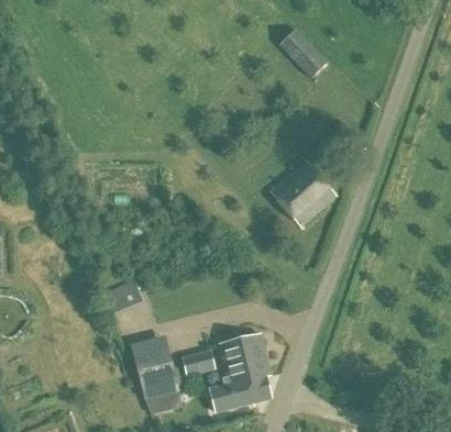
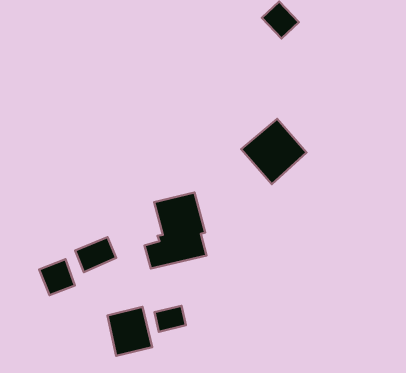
building: none -> [39,259,75,295]
building: [209,333,272,410] -> [144,192,206,268]

